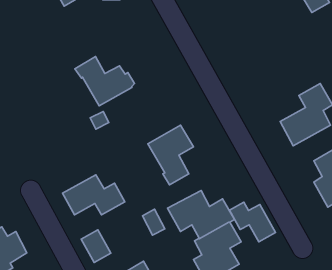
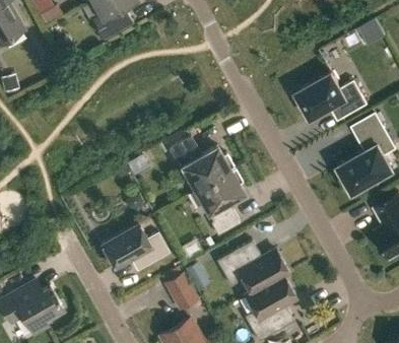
building: none -> [295,72,369,118]
building: [75,57,135,106] -> [169,136,234,190]
building: [229,202,276,242] -> none
building: [81,230,111,262] -> [165,273,198,308]

